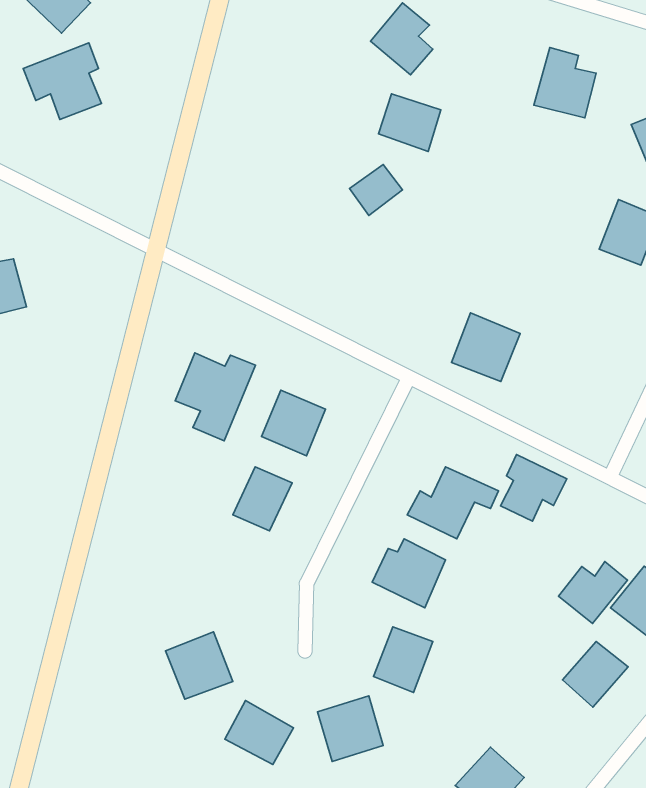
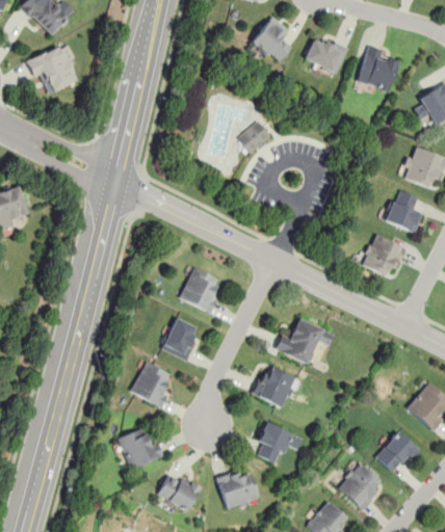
building: [379,94,441,151] -> [307,35,347,73]
building: none -> [385,188,424,233]
building: [451,313,520,382] -> [362,233,407,277]
building: [175,353,256,441] -> none
building: [501,455,567,521] -> none
building: none -> [131,361,176,406]
building: [559,562,628,624] -> none
building: none -> [337,461,386,511]

